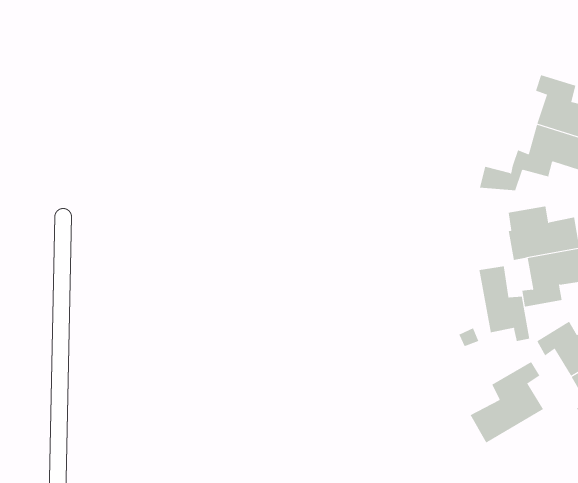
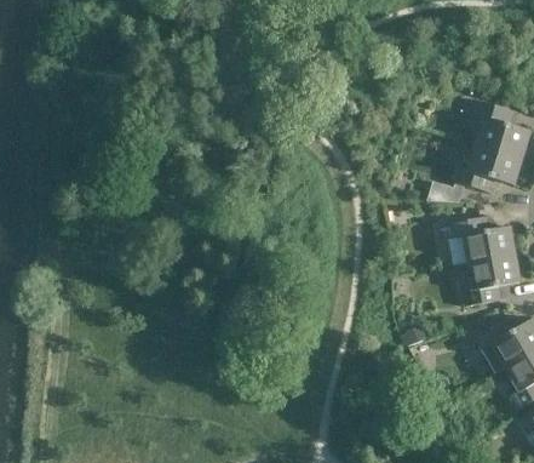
building: [479,265,530,342] -> none
building: [470,361,544,443] -> none

